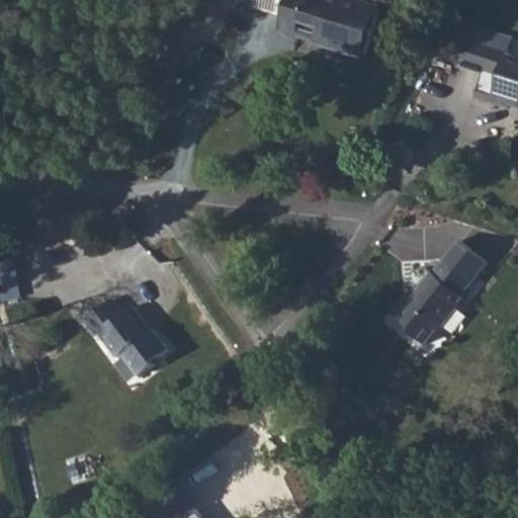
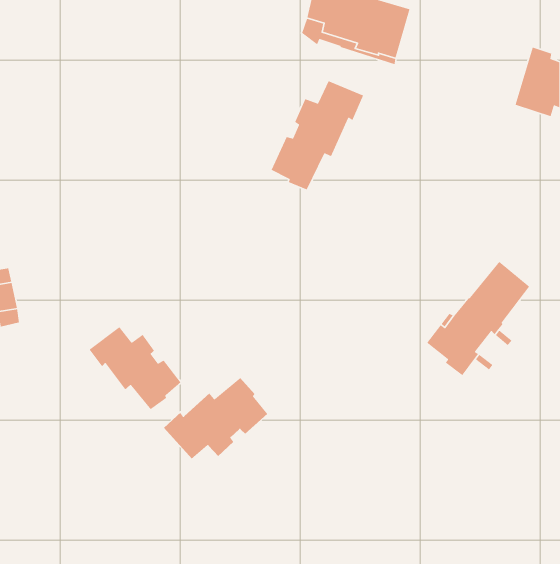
building: none -> [271,80,364,190]
building: none -> [163,377,268,460]

